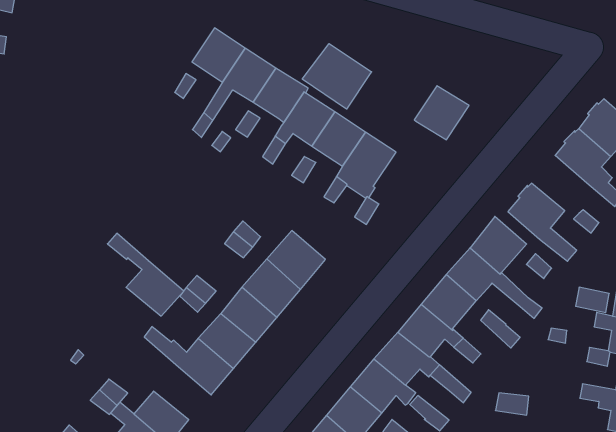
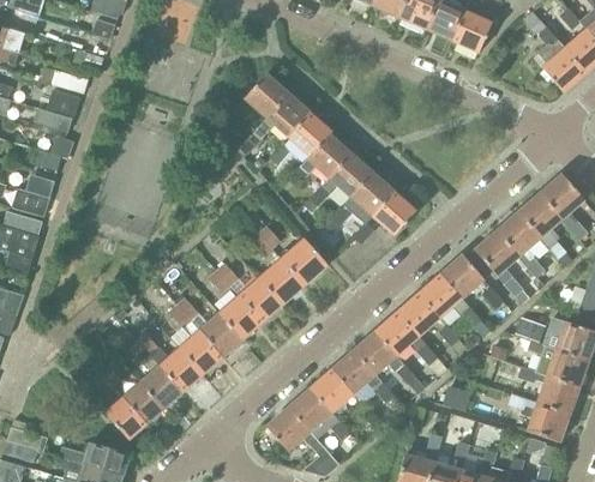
building: [302,44,372,109] -> none
building: [414,86,469,140] -> [372,191,416,234]
building: none -> [495,211,539,255]
building: [107,233,184,316] -> [168,306,222,375]

